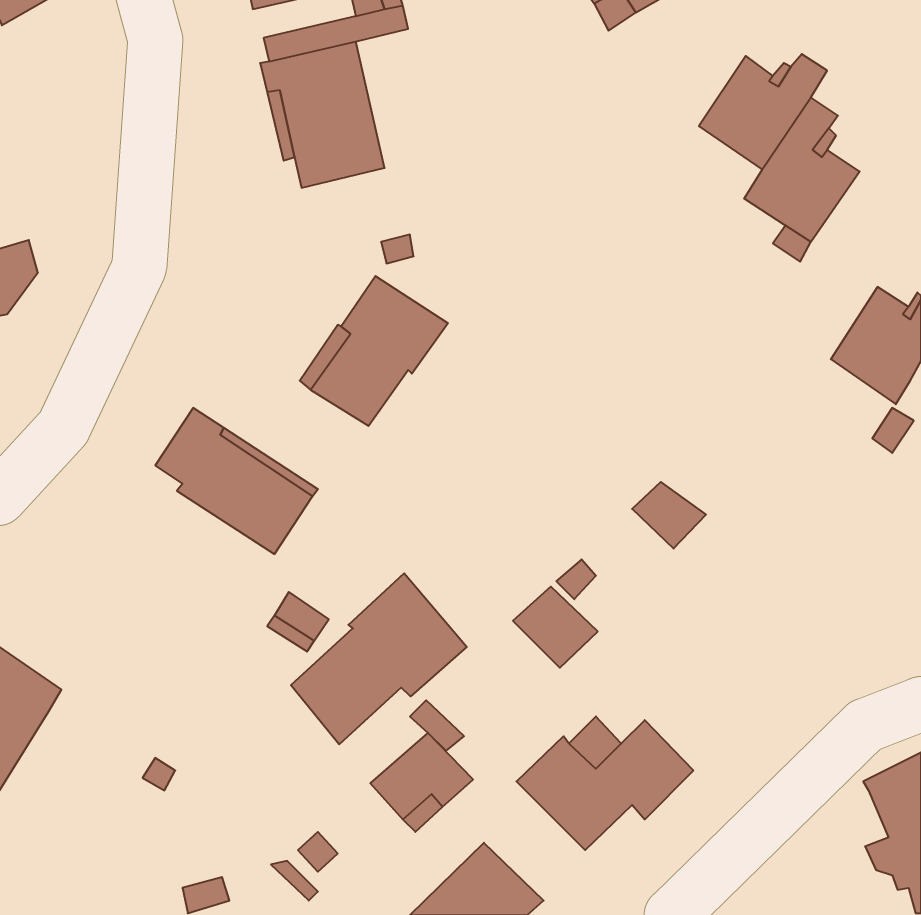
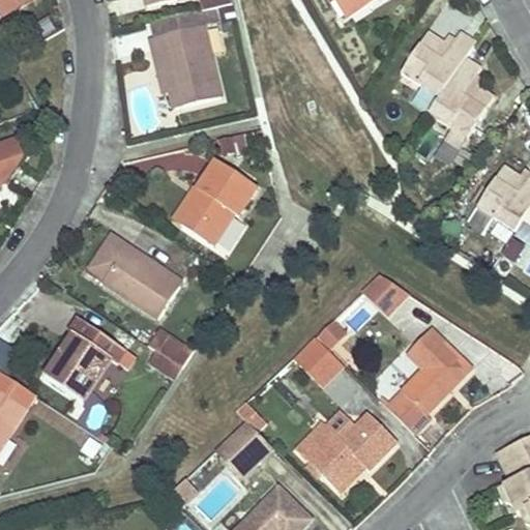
building: none -> [42,317,124,403]
building: none -> [385,328,474,435]
building: [291,573,467,744] -> none

